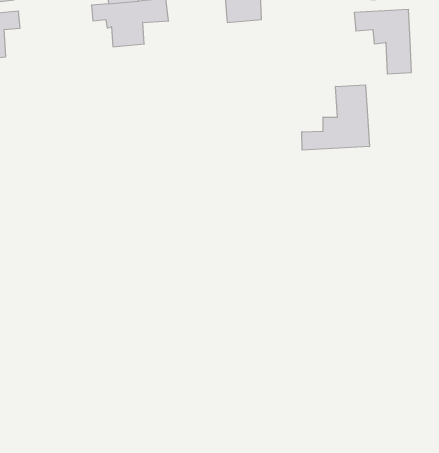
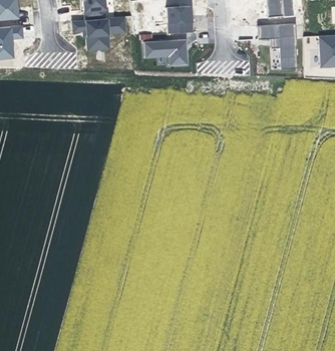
building: none -> [144,39,188,65]
building: [302,85,369,150] -> none

